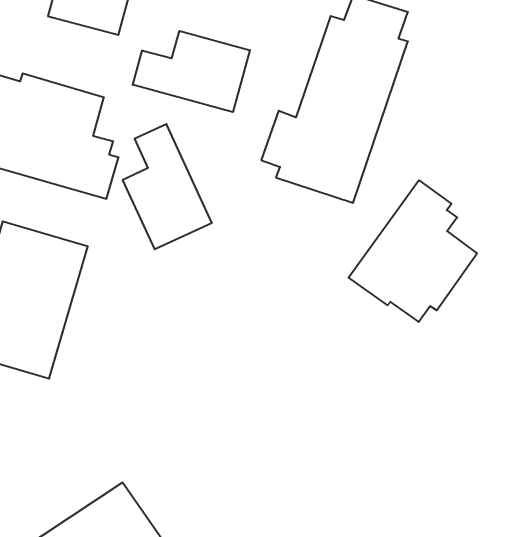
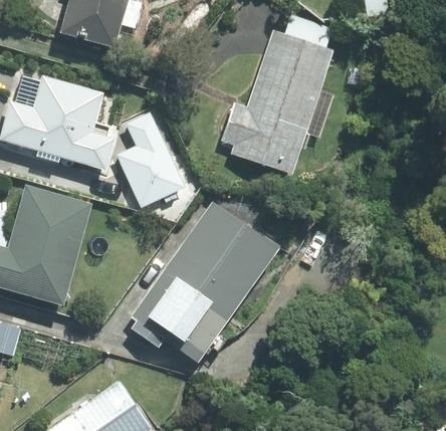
building: [133,31,250,112] -> none
building: [348,180,477,322] -> none
building: none -> [130,200,278,361]

